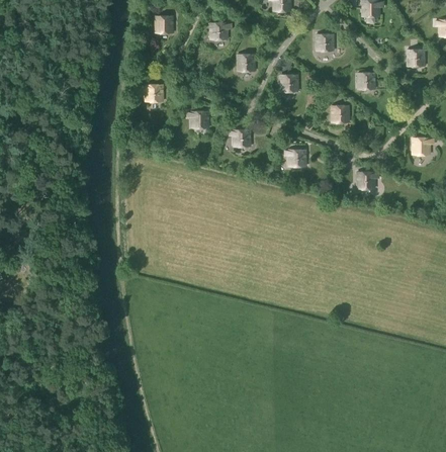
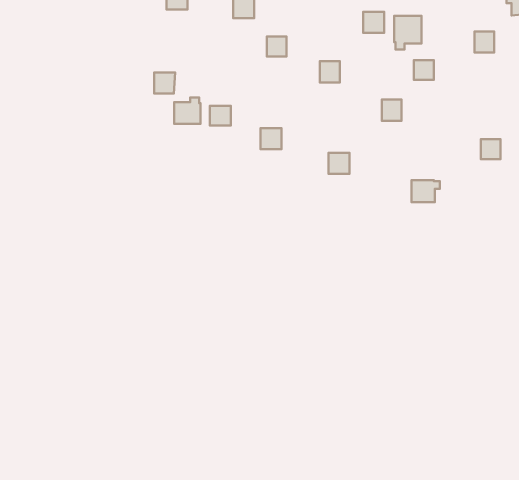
building: none -> [394,16,421,49]
building: none -> [174,98,201,124]

